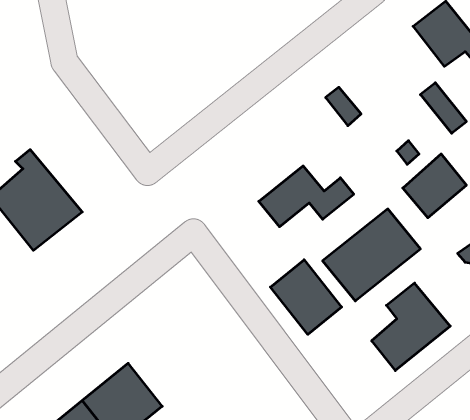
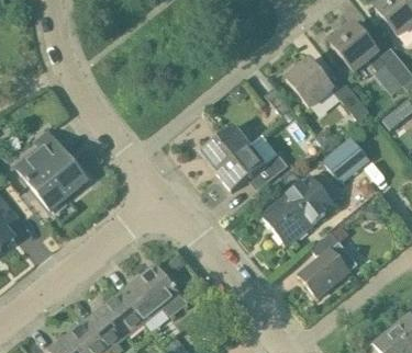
building: none -> [285,59,333,109]
building: none -> [200,125,248,171]
building: [270,260,342,334] -> none
building: none -> [119,263,187,322]

